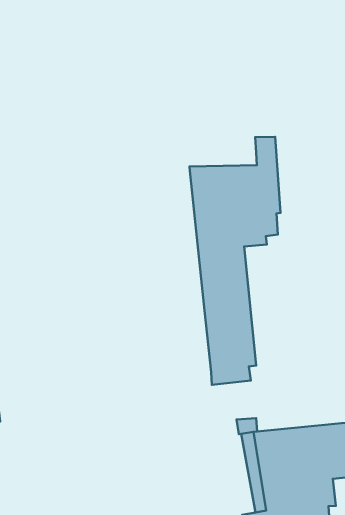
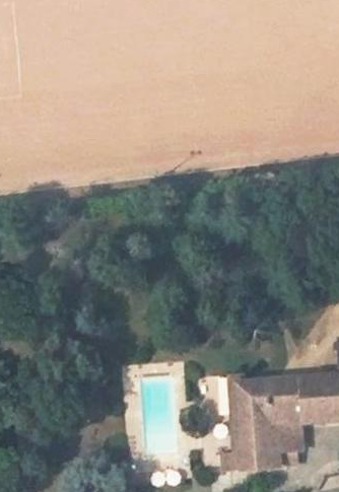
building: [189,137,280,385] -> none

